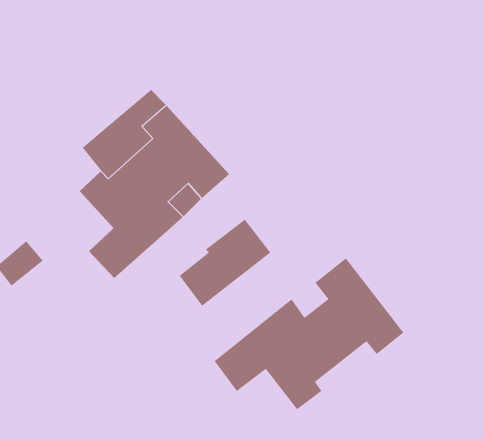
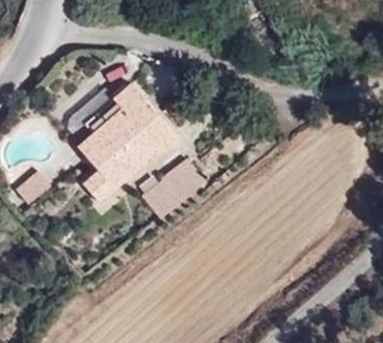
building: [214,258,404,410] -> none

